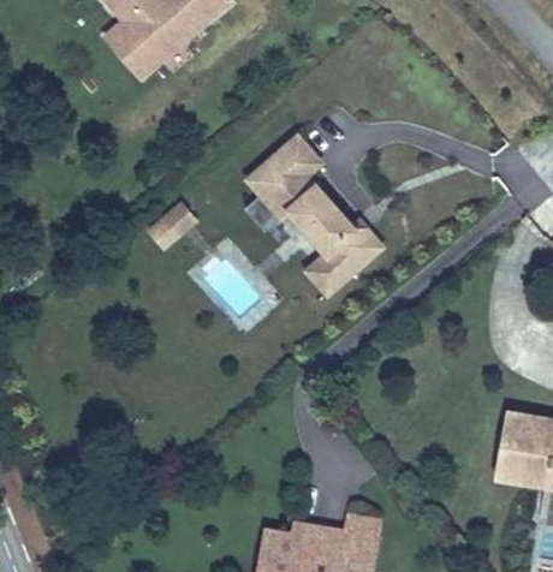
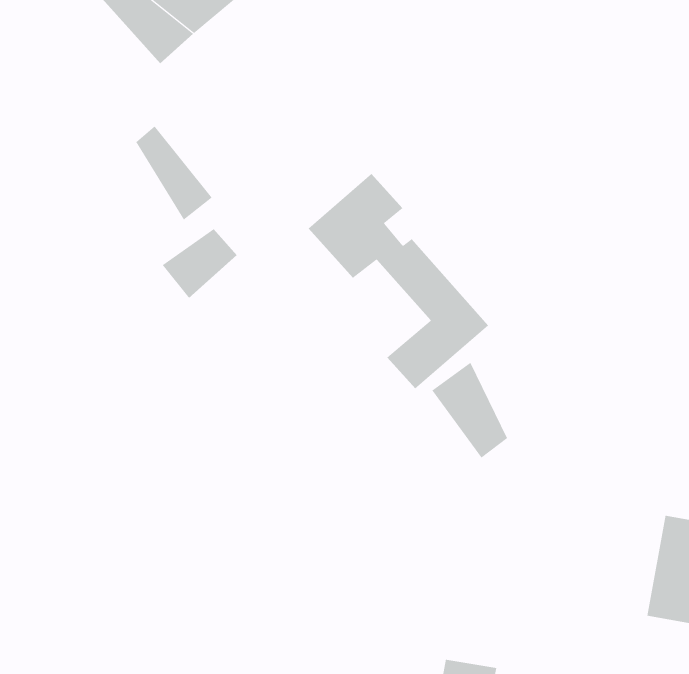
building: none -> [135,126,212,221]
building: none -> [432,362,508,459]

